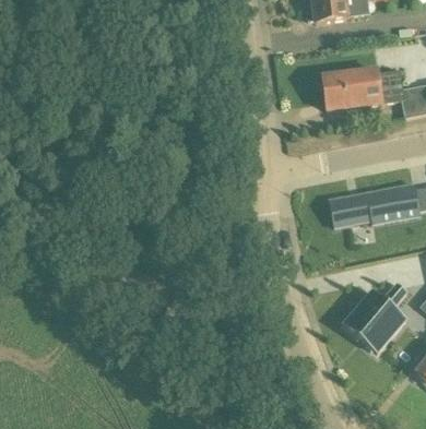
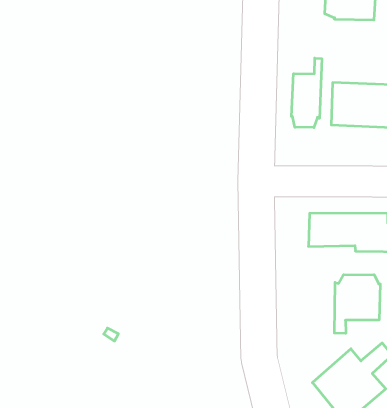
building: none -> [291,58,322,128]
building: none -> [334,275,380,333]

